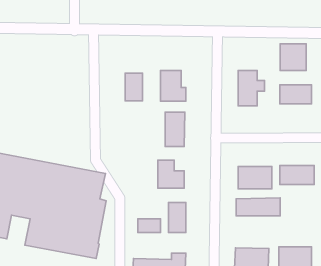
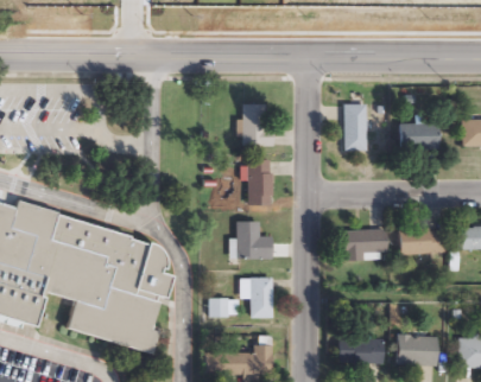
building: [280,44,306,71] -> none
building: [125,73,142,101] -> none
building: [236,198,280,216] -> none

